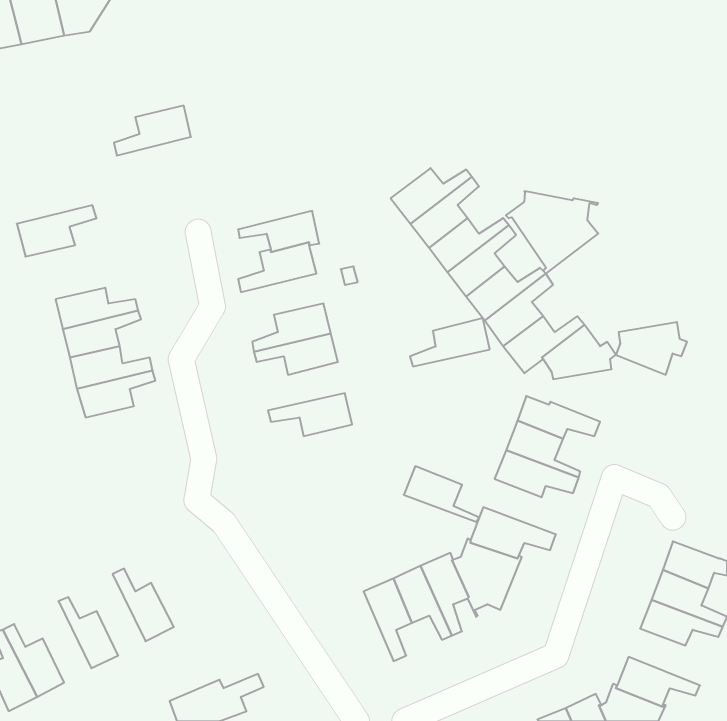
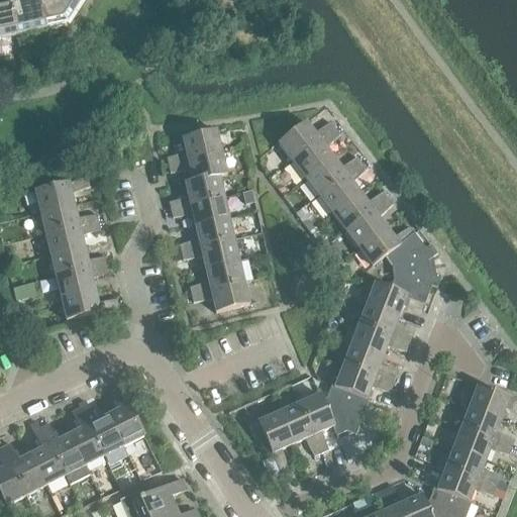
building: [114,106,191,156] -> [167,127,221,163]
building: [506,191,598,274] -> none
building: [17,205,97,257] -> [33,176,90,212]
building: none -> [171,194,229,223]
building: [410,318,490,366] -> [188,256,244,291]
building: [616,322,687,375] -> [390,262,440,299]
building: none -> [61,288,119,318]
building: [404,466,479,522] -> [342,339,396,379]
building: none -> [107,387,143,444]
building: none -> [69,407,103,464]
building: none -> [30,426,65,484]
building: none -> [445,445,499,486]

